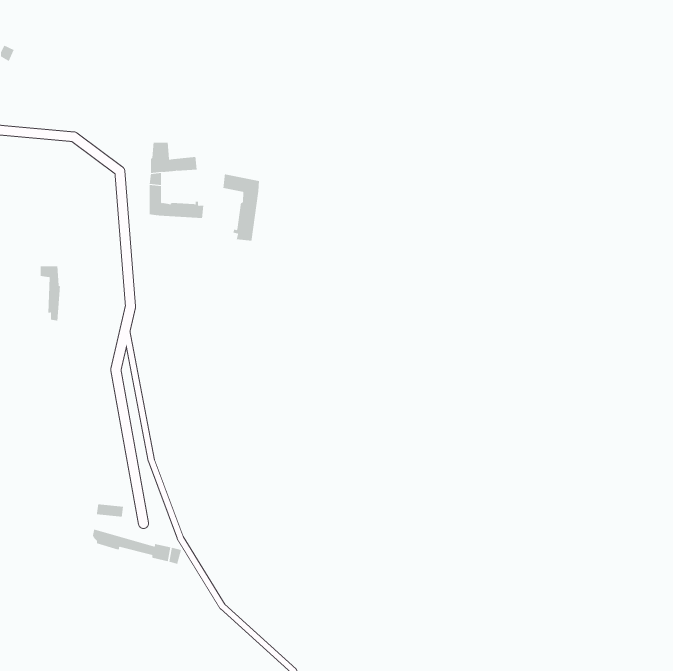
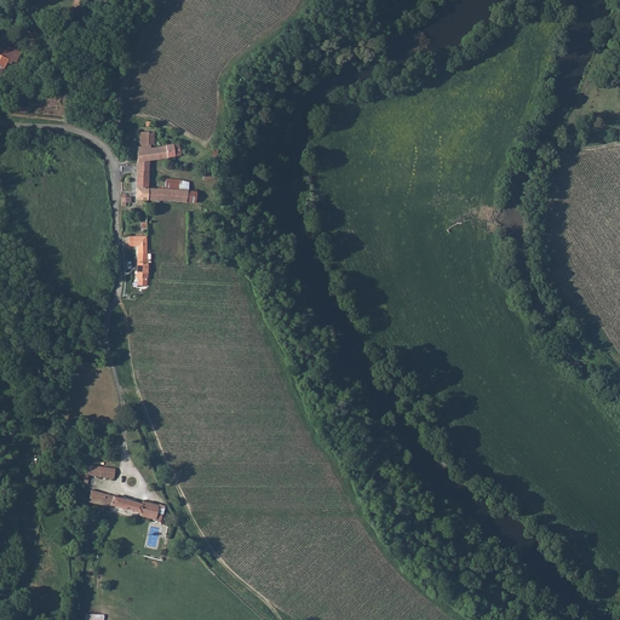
building: [223,174,259,241] -> none
building: [40,266,61,321] -> [130,234,149,285]

